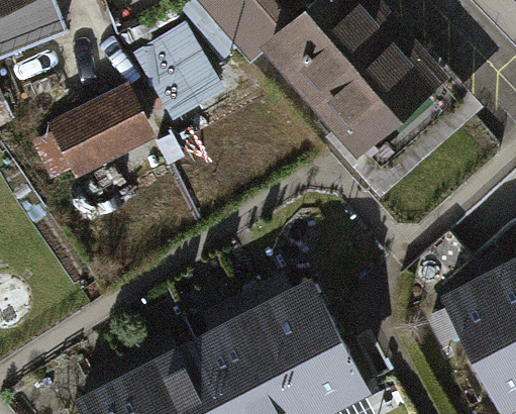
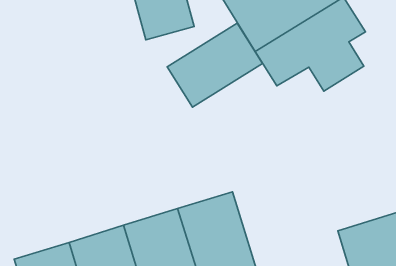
building: none -> [167,23,263,107]
building: [47,91,156,185] -> none

